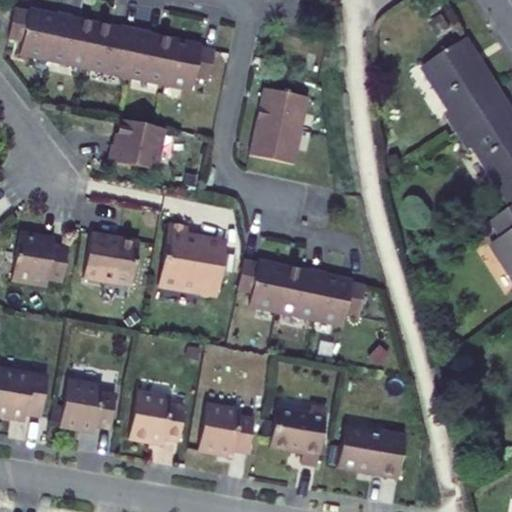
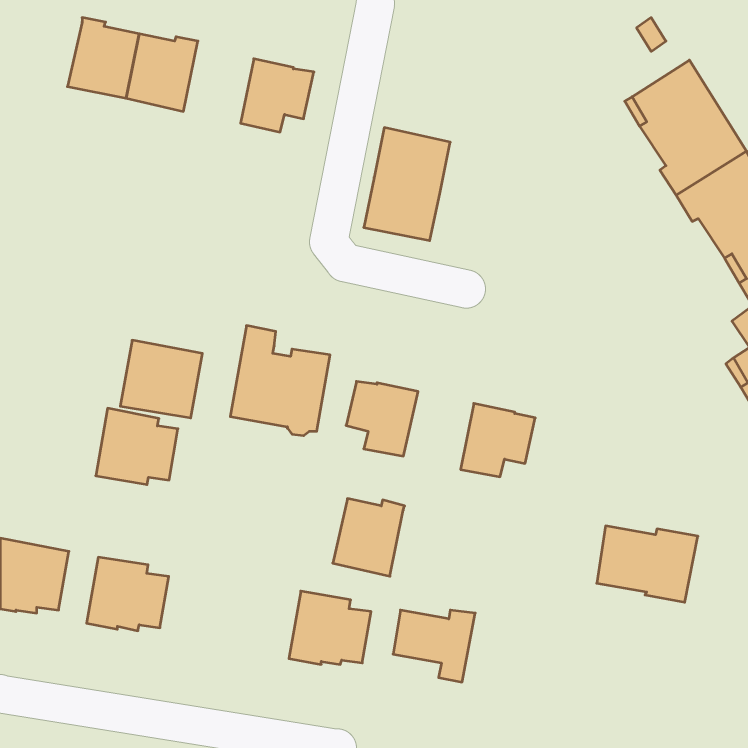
building: [9,7,57,59] -> none
building: [126,28,174,84] -> none
building: [108,119,164,170] -> none
building: [13,227,69,279] -> [96,408,178,485]
building: [276,267,325,320] -> [333,499,405,576]
building: [129,391,185,442] -> none
building: [338,427,407,479] -> [597,526,698,602]

